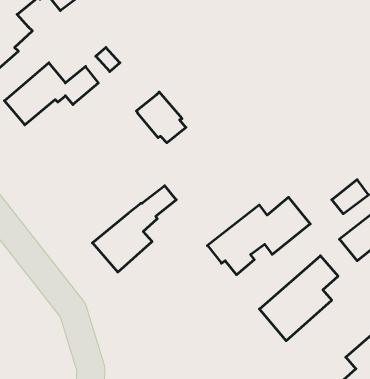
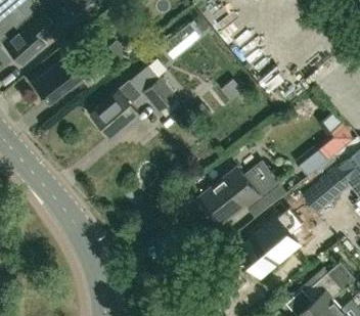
building: [92,186,176,272] -> [88,69,155,138]

